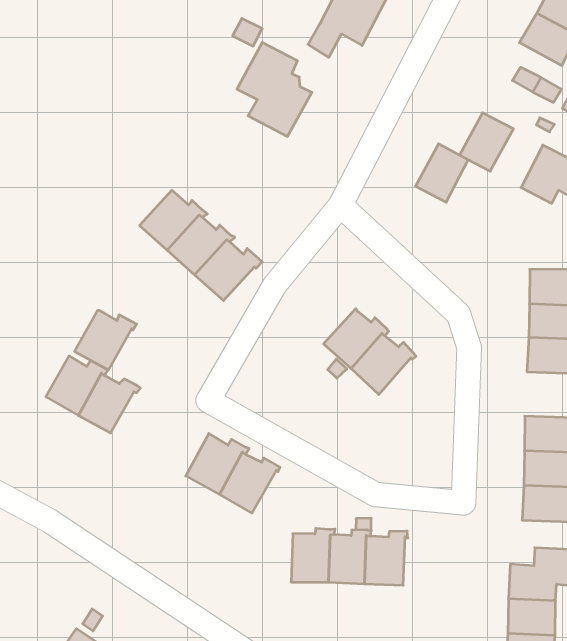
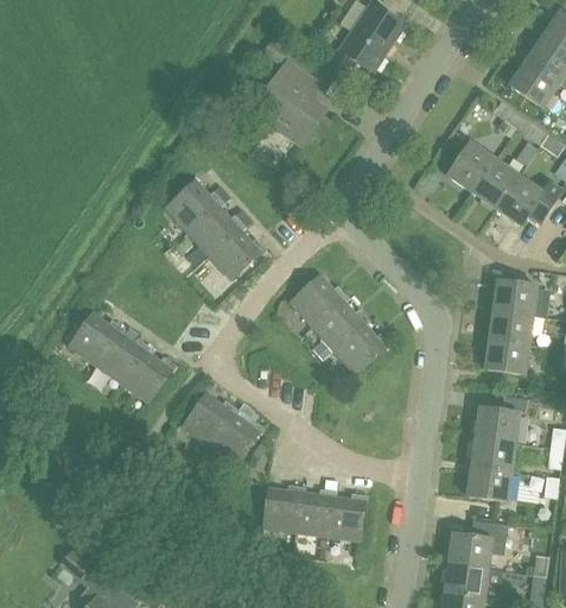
building: [416,144,468,202] -> [471,158,519,209]
building: none -> [290,274,348,325]
building: [75,310,137,370] -> [121,349,177,401]

